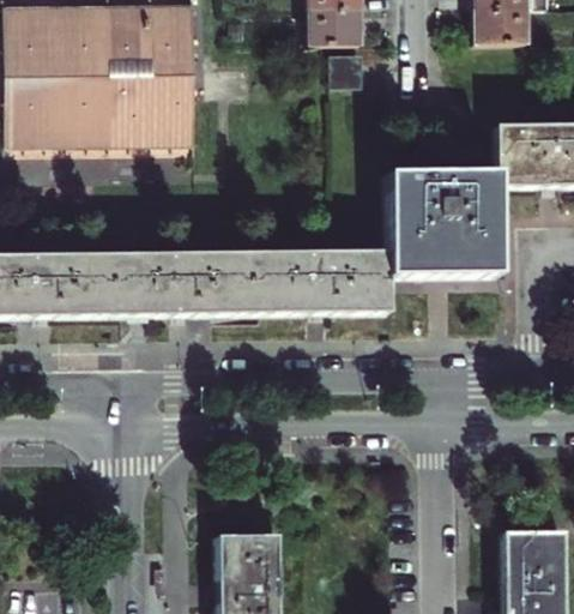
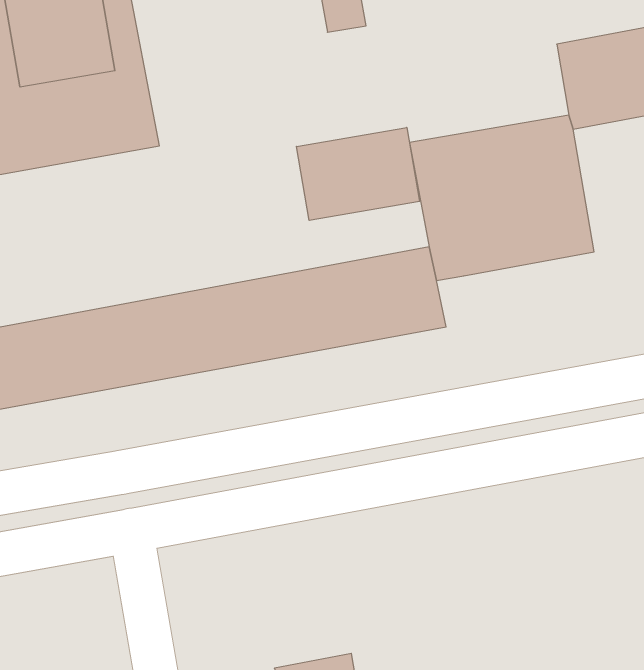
building: none -> [296,127,420,220]

